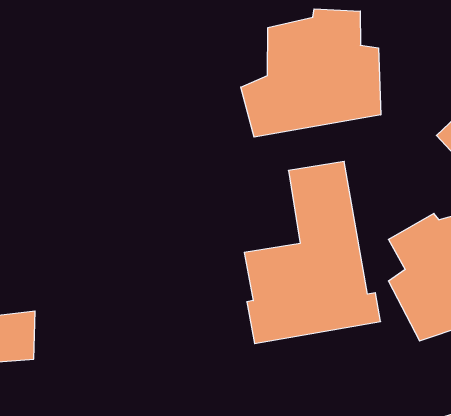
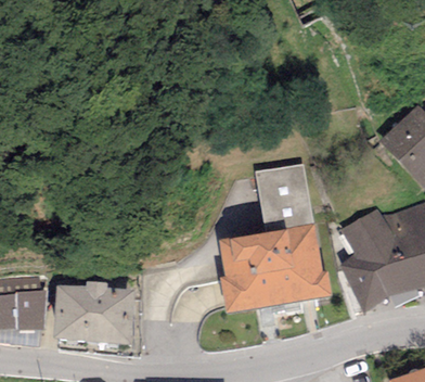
building: [241,9,381,137] -> none
building: none -> [53,288,134,349]

